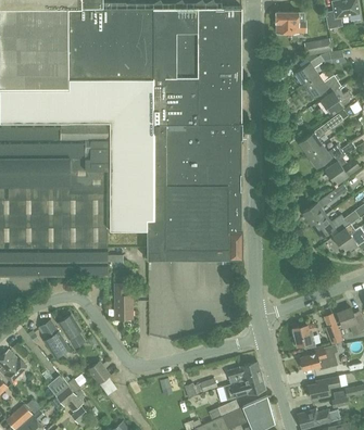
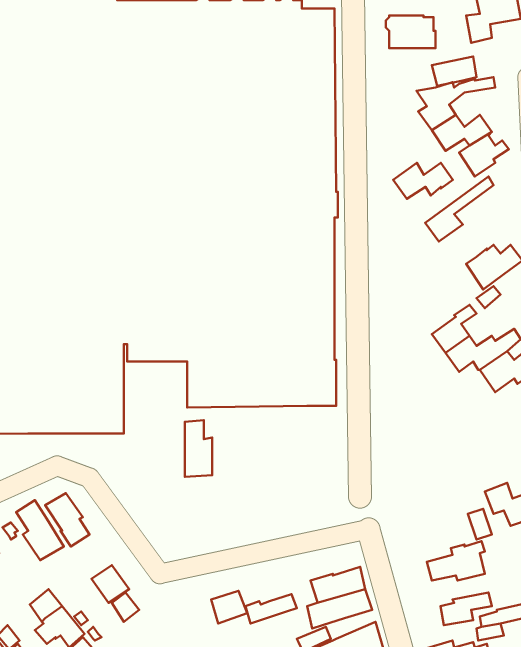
building: [306,144,344,167] -> [393,163,453,199]
building: [114,283,131,319] -> [185,420,212,477]
building: [292,324,315,350] -> none

